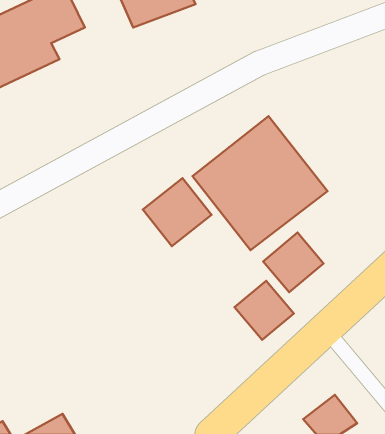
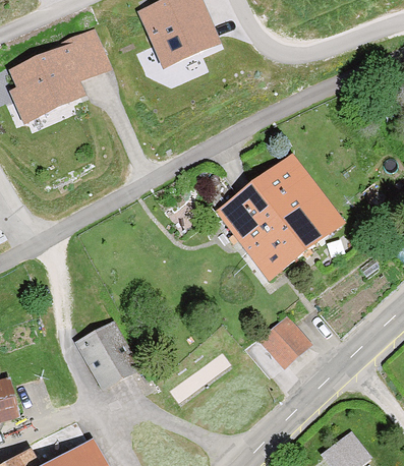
building: [143,178,212,246] -> none
building: [263,233,324,292] -> none
building: none -> [76,322,141,393]

